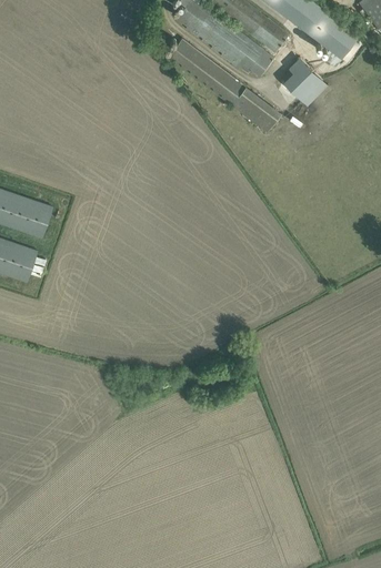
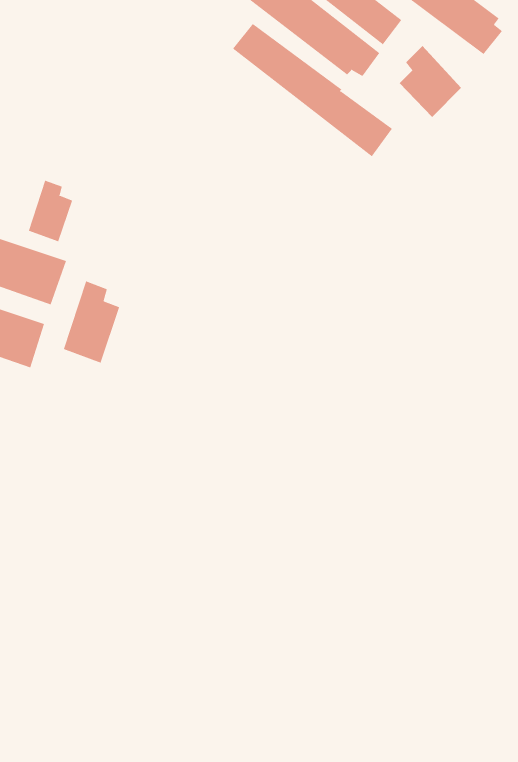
building: none -> [28,180,73,242]
building: none -> [63,281,120,364]

